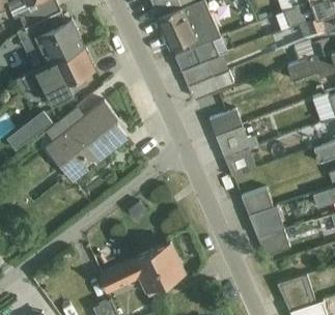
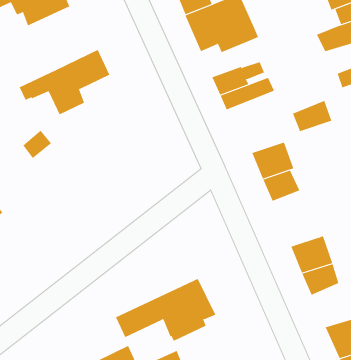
building: [18,11,85,65] -> none
building: [175,41,220,71] -> none
building: [46,102,127,178] -> none
building: [210,109,244,136] -> [292,100,332,132]
building: [242,188,274,216] -> none

